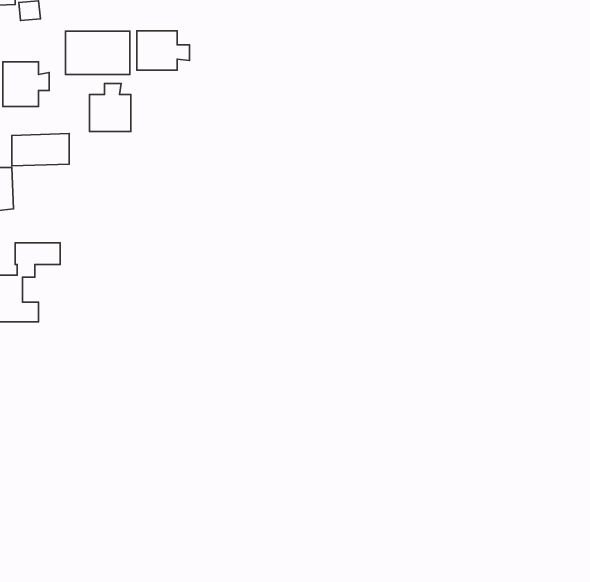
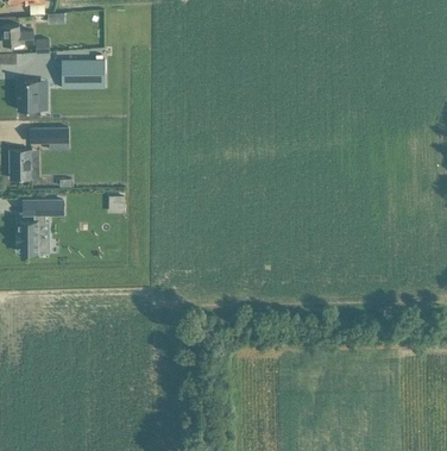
building: [137,31,190,70] -> none
building: [90,83,131,131] -> none

